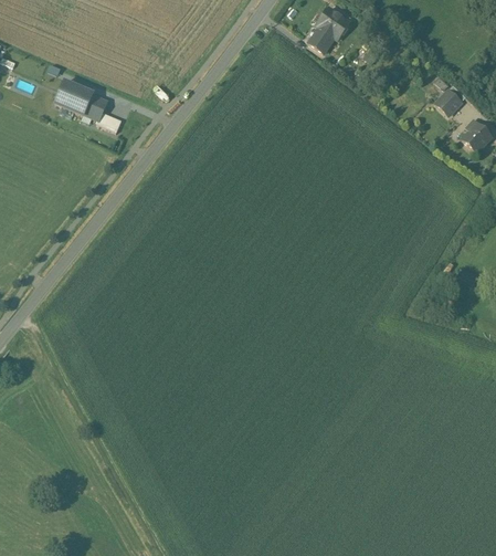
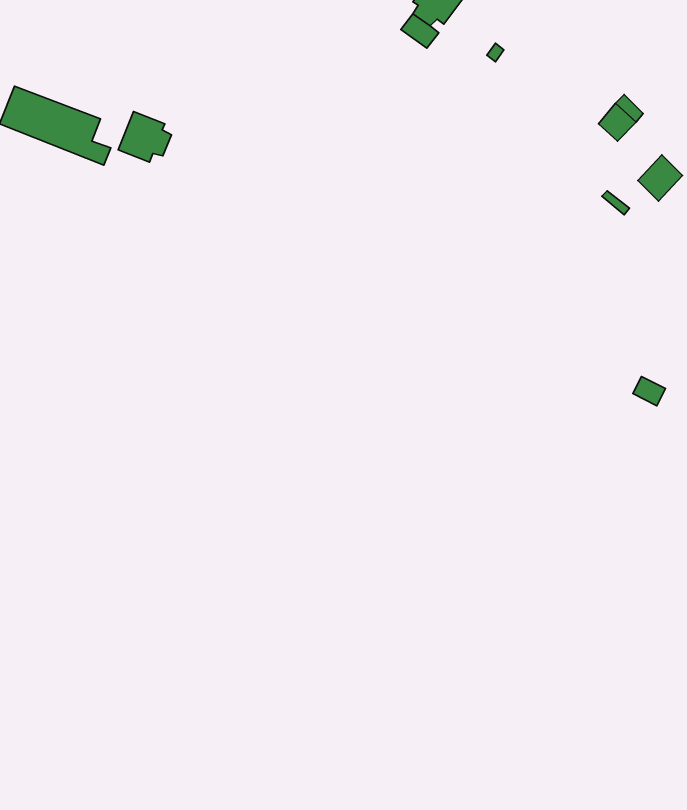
building: none -> [118,111,172,162]

